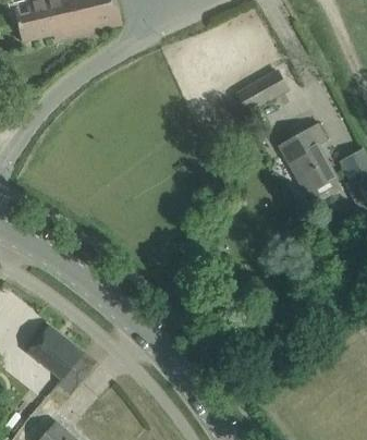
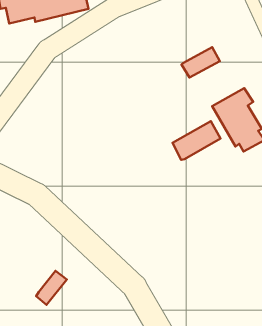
building: none -> [173,121,221,160]
building: [27,326,81,377] -> none

